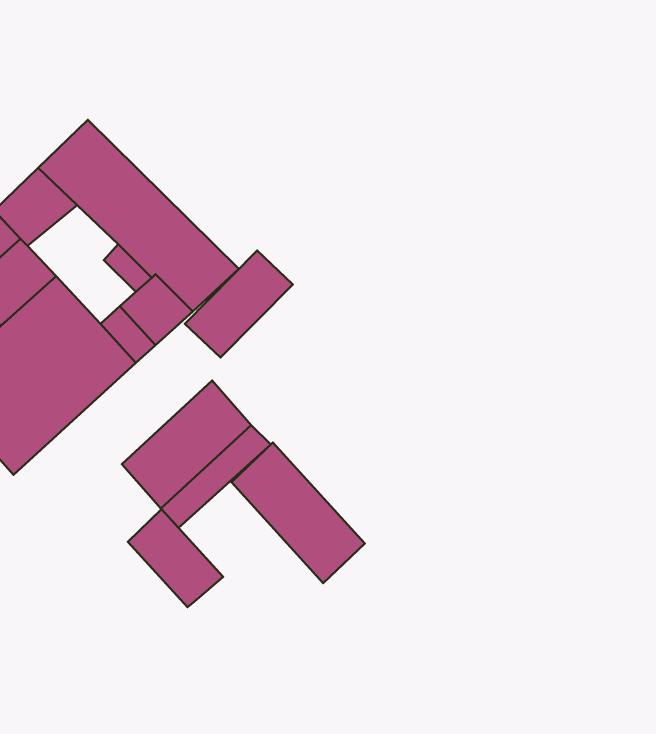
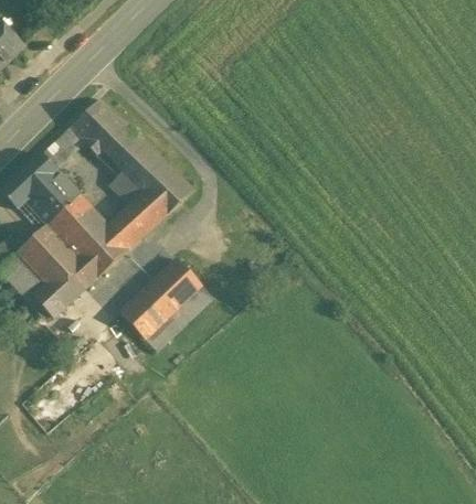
building: [185,251,293,358] -> none
building: [231,443,365,583] -> none
building: [128,509,223,607] -> none

